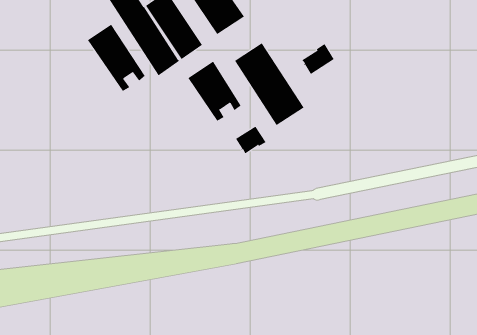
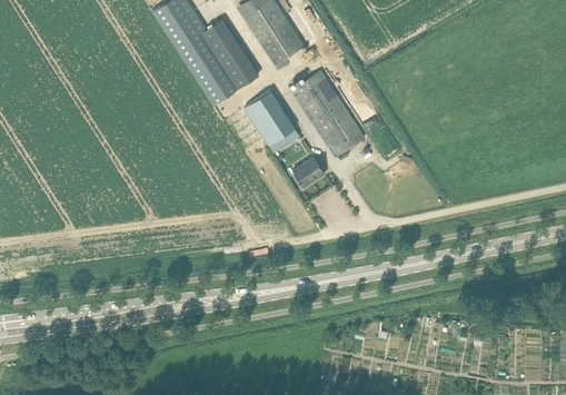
building: [87,24,145,92] -> none
building: [301,43,335,75] -> none

